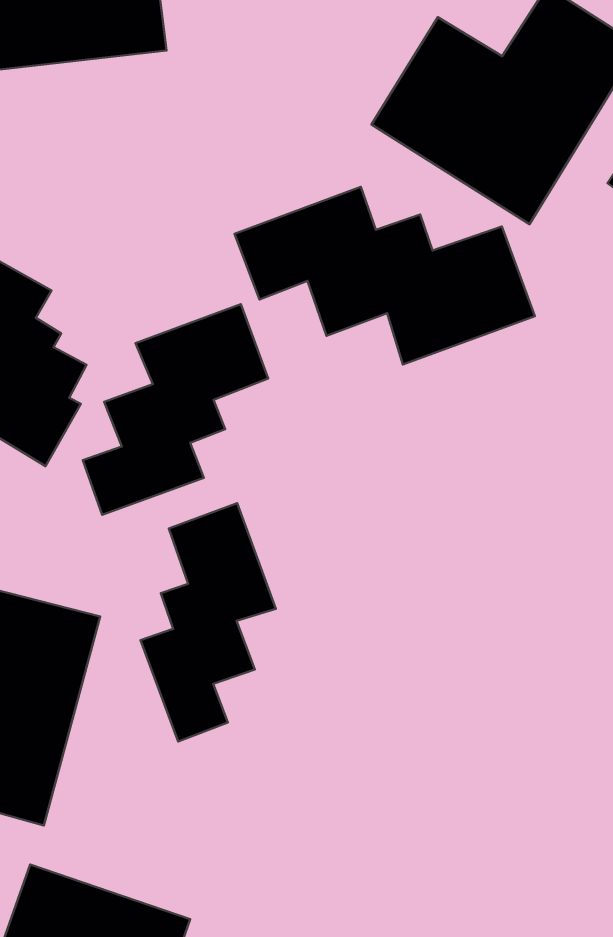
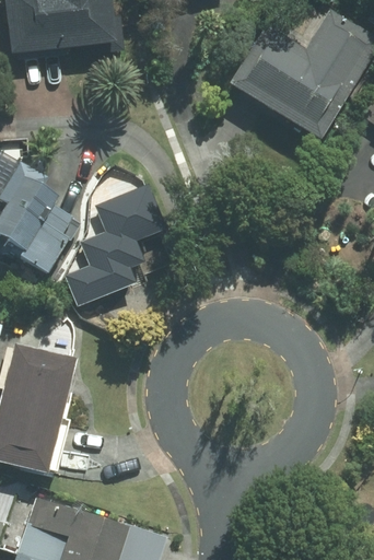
building: [234,187,535,365] -> none
building: [140,503,276,742] -> none

